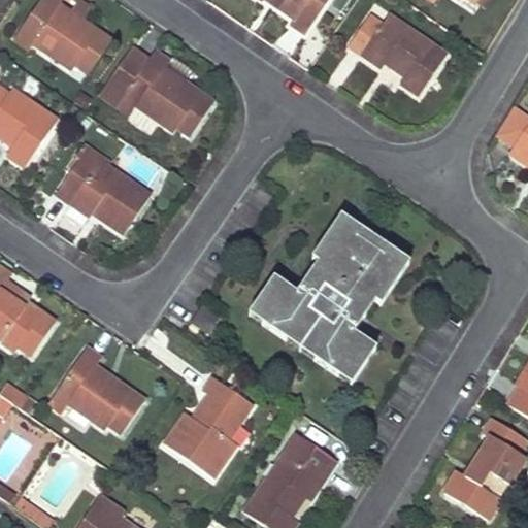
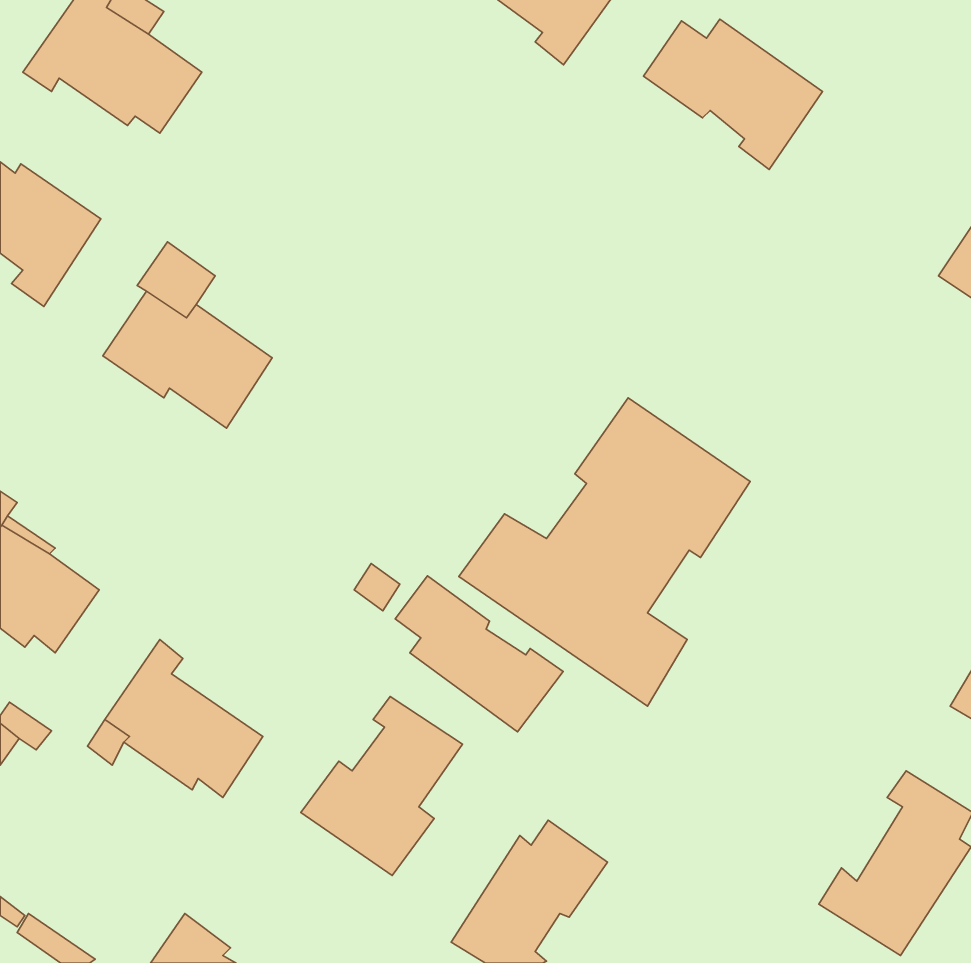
building: [98,46,211,134] -> none
building: none -> [395,576,563,732]

